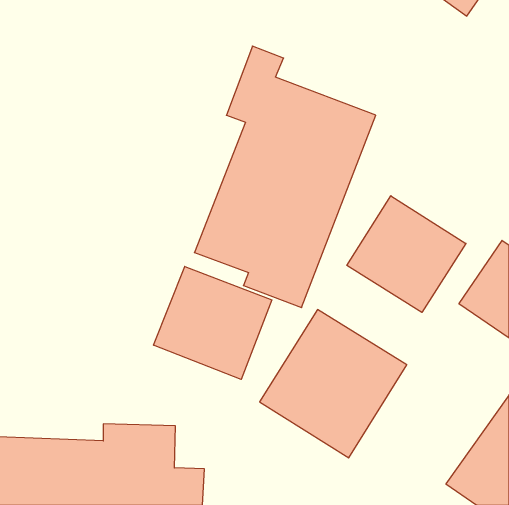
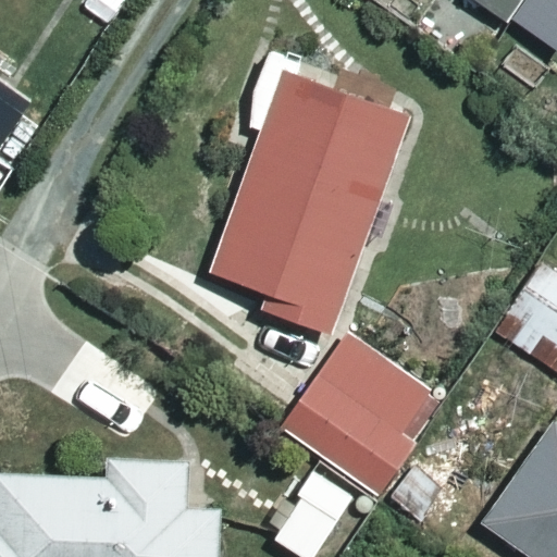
building: [347,196,466,312] -> none
building: [154,266,272,379] -> none

